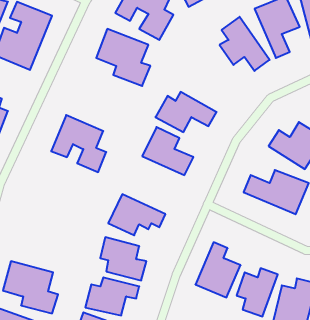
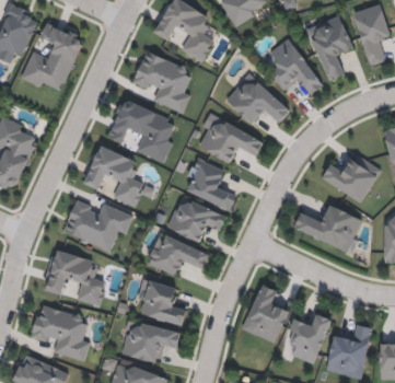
building: none -> [223,72,290,124]
building: none -> [106,97,176,163]
building: none -> [165,199,226,244]
building: none -> [62,201,132,251]
building: none -> [43,248,105,306]

